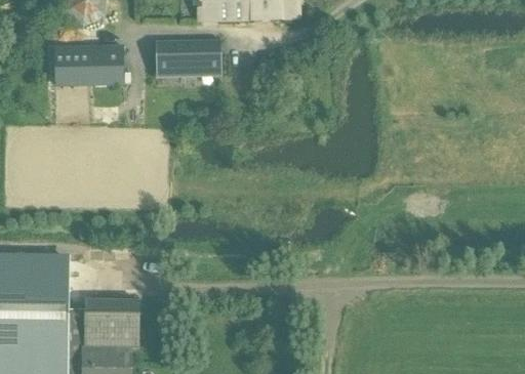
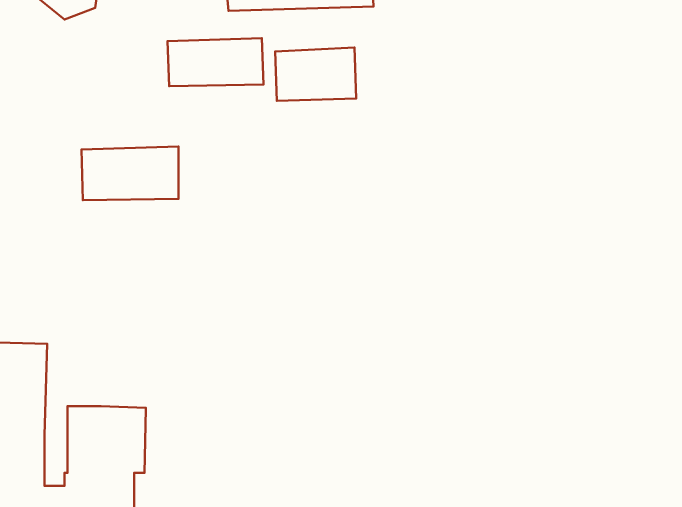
building: [53,45,122,83] -> [81,147,179,200]
building: none -> [275,47,356,101]

